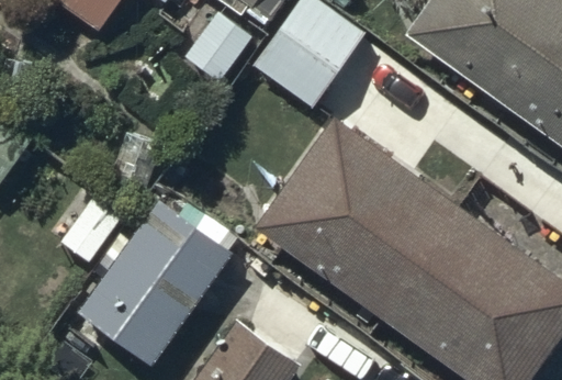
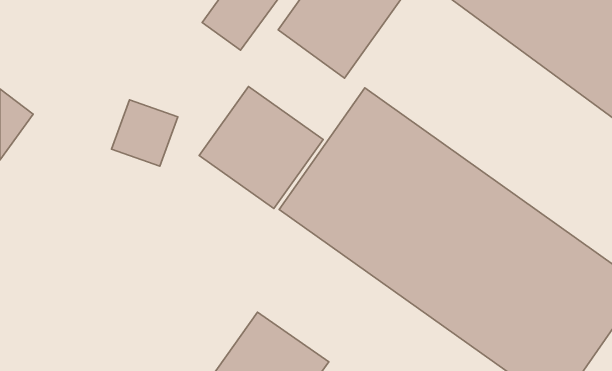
building: none -> [199,87,323,209]
building: [77,201,232,367] -> none

